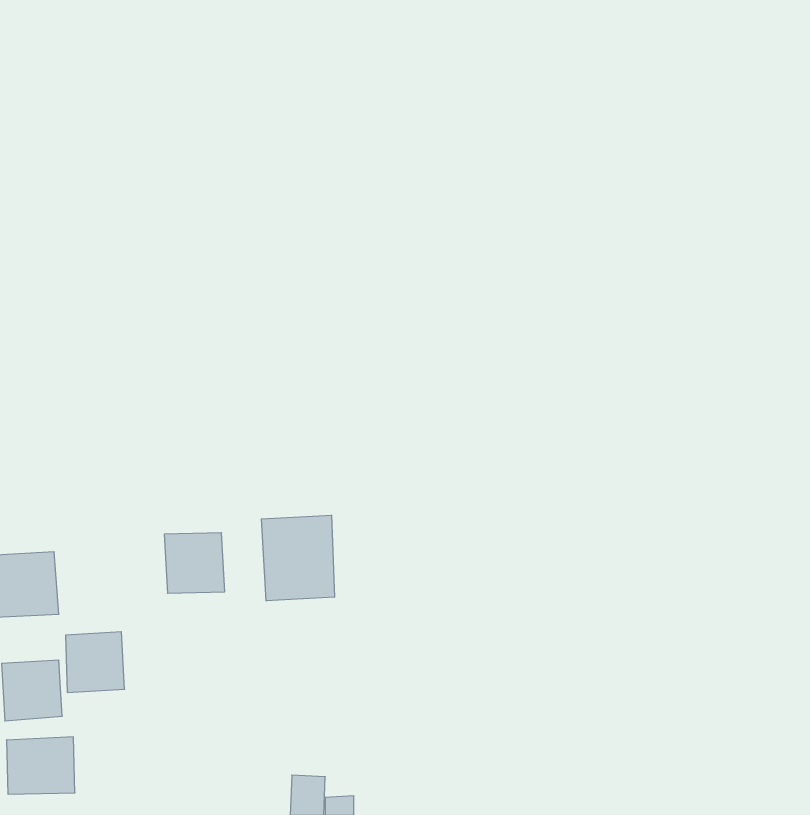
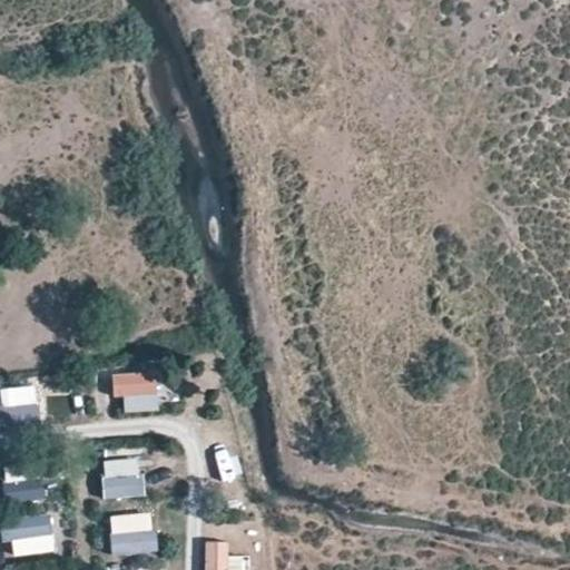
building: [261,515,334,601] -> none
building: [66,632,125,692] -> [101,456,142,499]
building: none -> [108,512,154,556]

